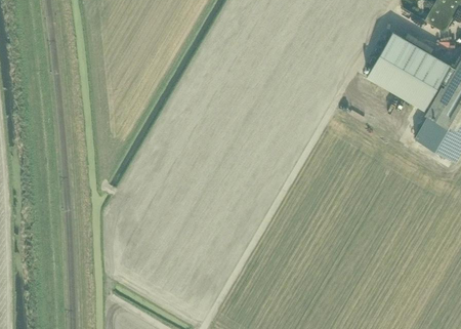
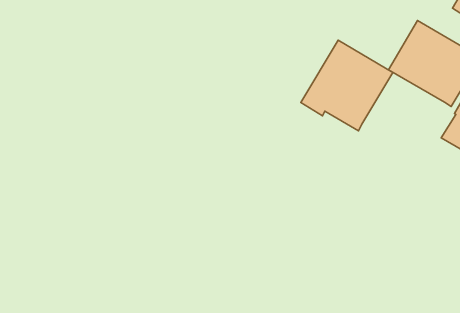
building: none -> [301,40,393,131]

